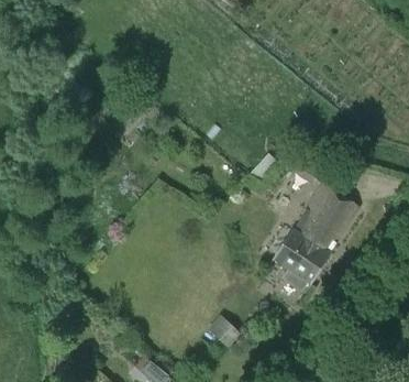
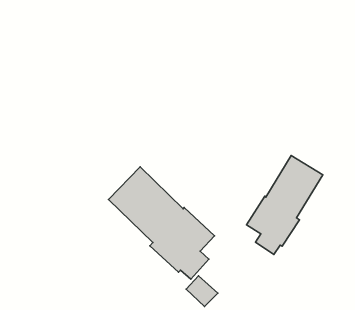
building: none -> [108,167,214,279]

